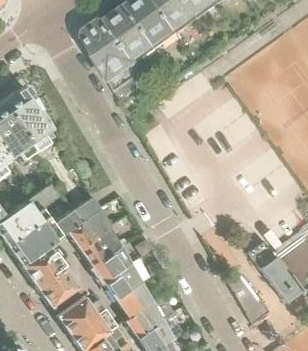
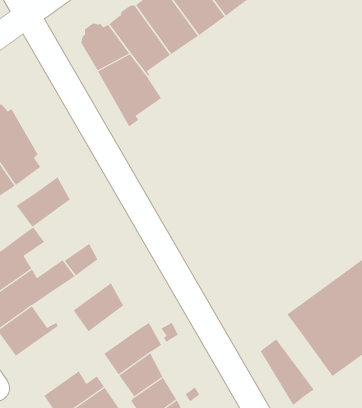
building: [66,206,109,246] -> [16,177,70,227]
building: [91,242,130,280] -> none
building: [34,258,77,303] -> none

